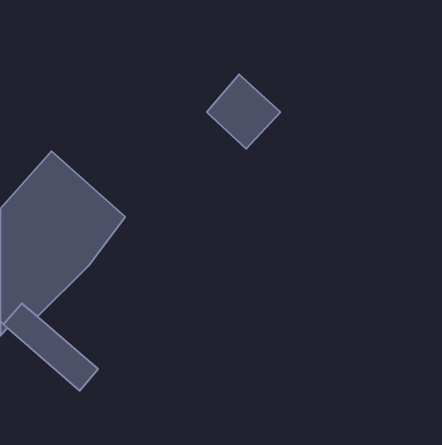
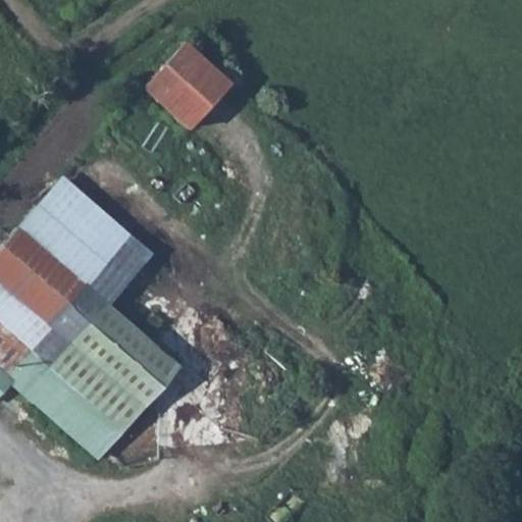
building: [207,74,280,149] -> [143,46,228,133]
building: none -> [50,310,174,430]

